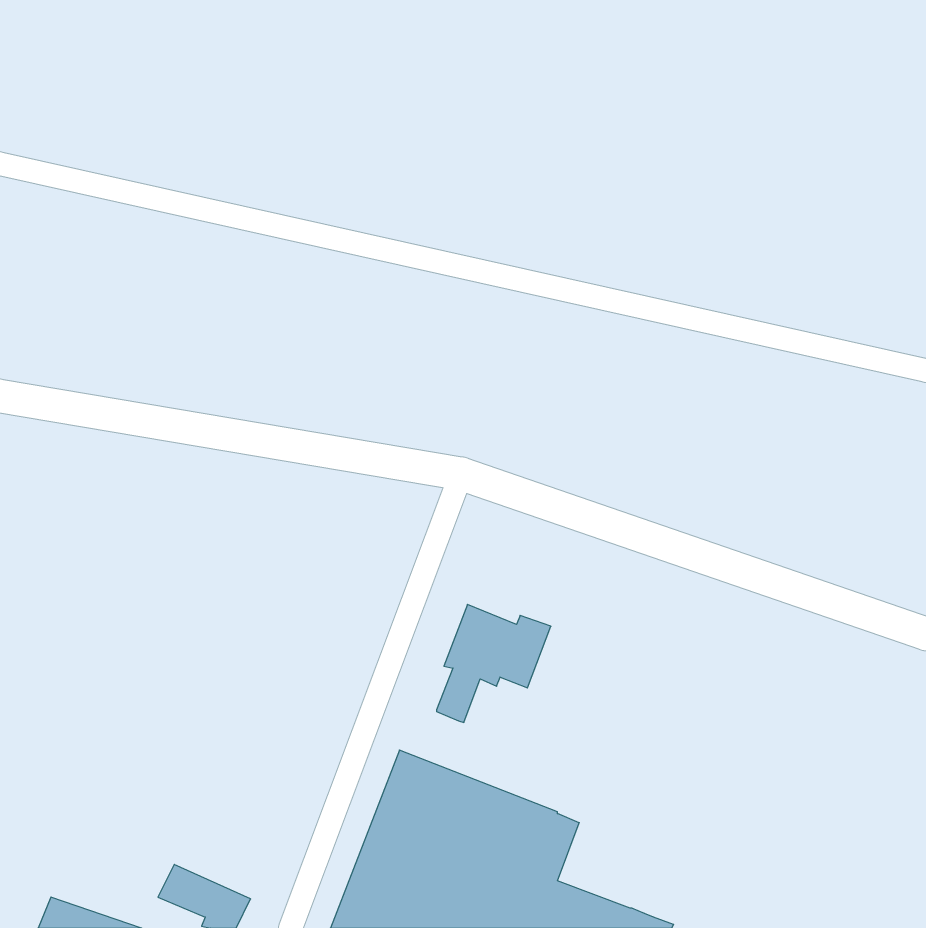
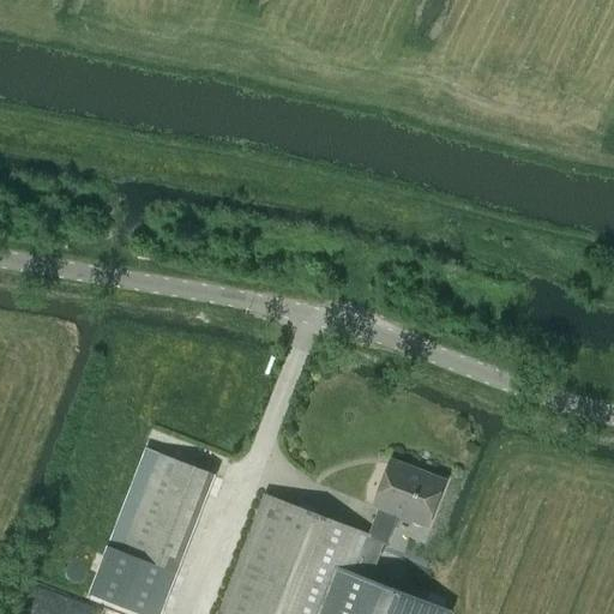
building: [437,604,551,722] -> [368,466,444,544]
building: none -> [121,455,212,574]

